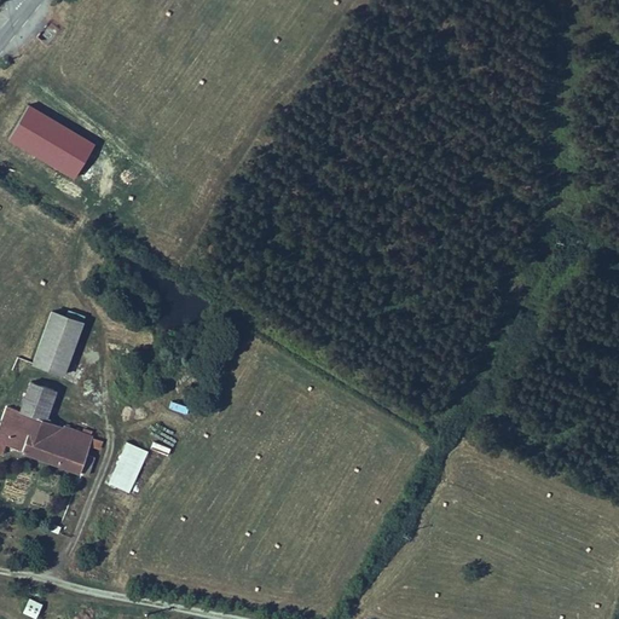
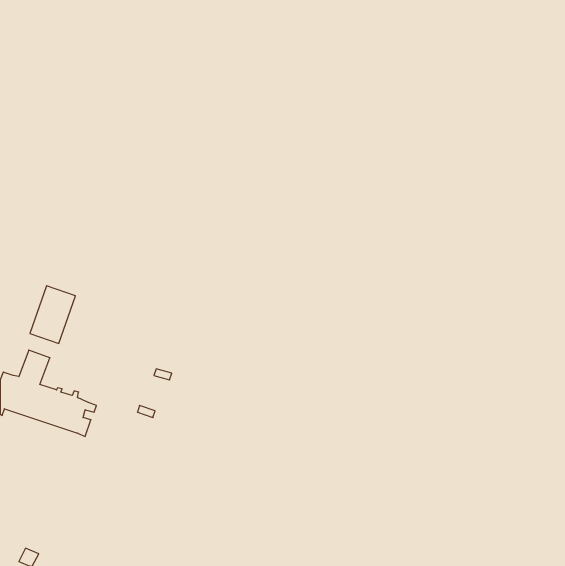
building: [8,106,96,180] -> none
building: [108,442,146,493] -> none

